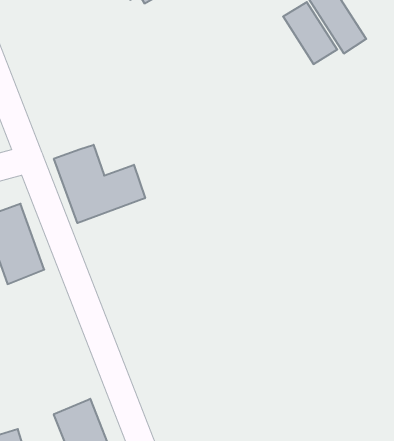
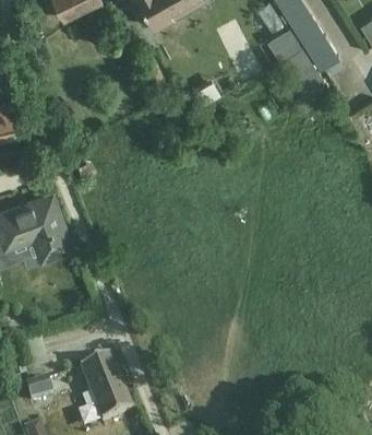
building: [54,145,145,223] -> none

